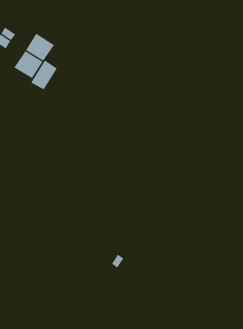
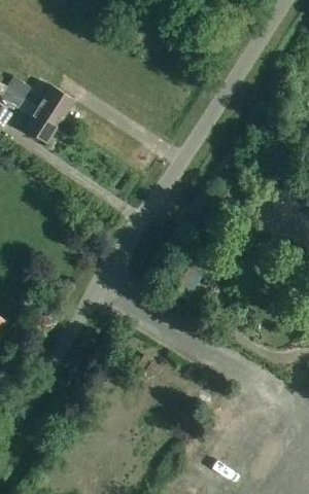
building: [30,60,58,90] -> none

